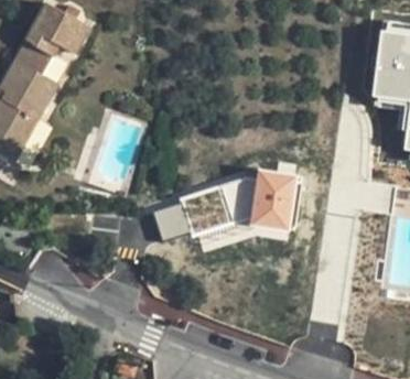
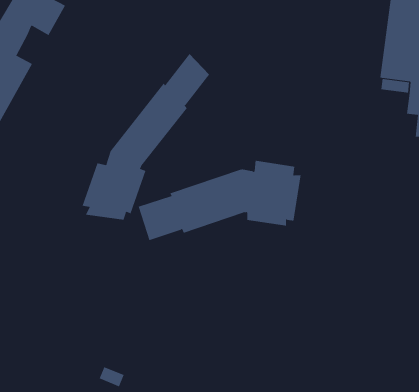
building: none -> [82,53,210,221]

